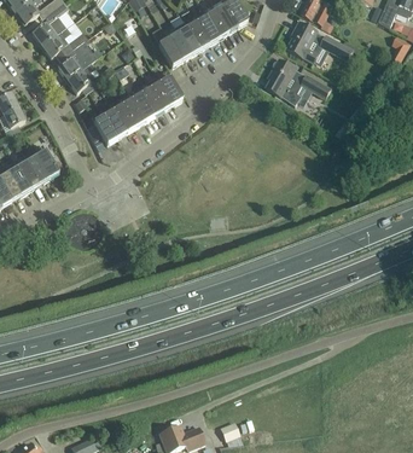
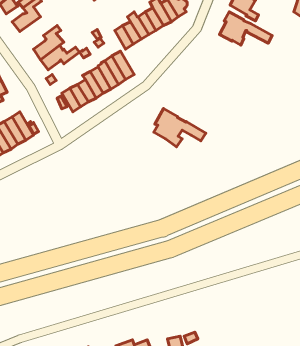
building: [40,27,86,58] -> none
building: [266,58,330,105] -> [154,109,206,147]

